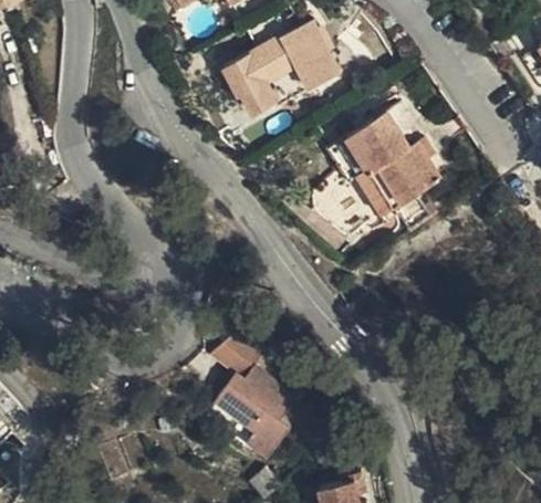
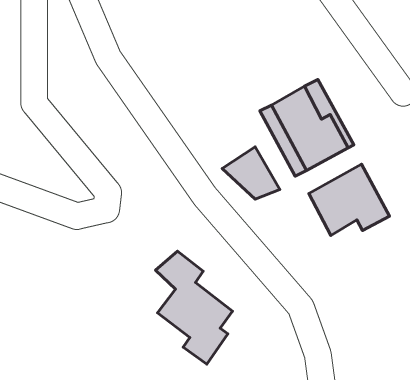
building: [216,24,336,114] -> none
building: none -> [309,164,390,235]

